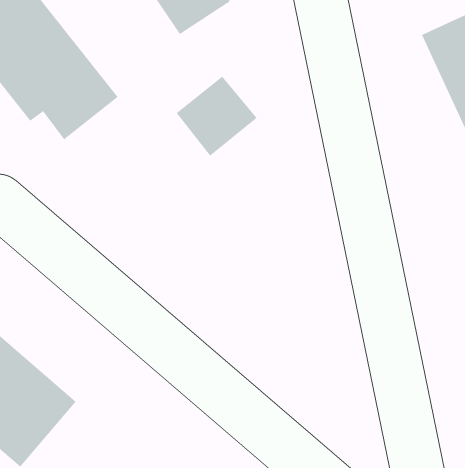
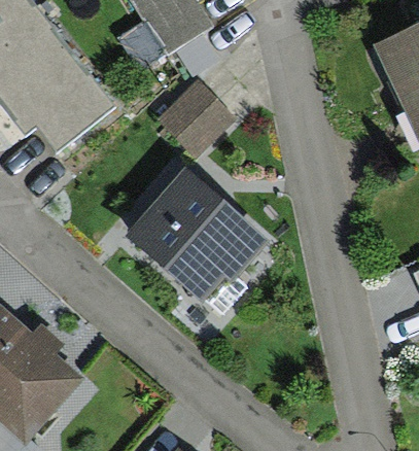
building: none -> [137,180,255,296]

